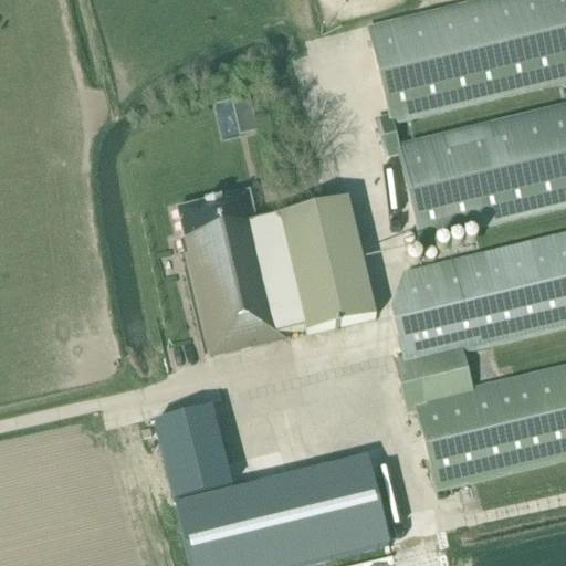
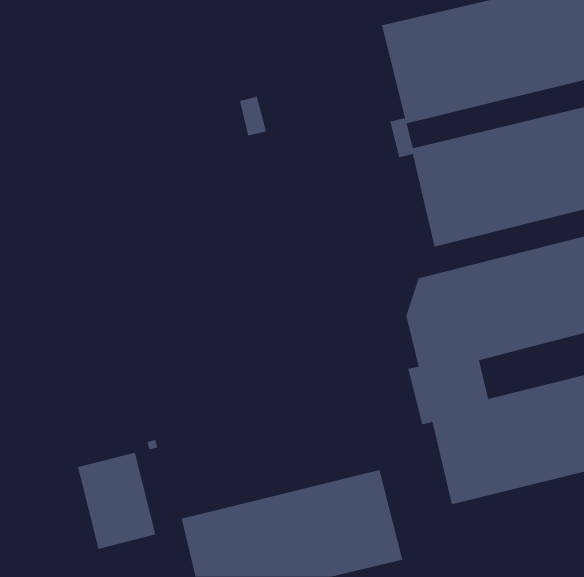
building: [178,188,377,354] -> none
building: [155,405,231,499] -> [77,452,156,549]

